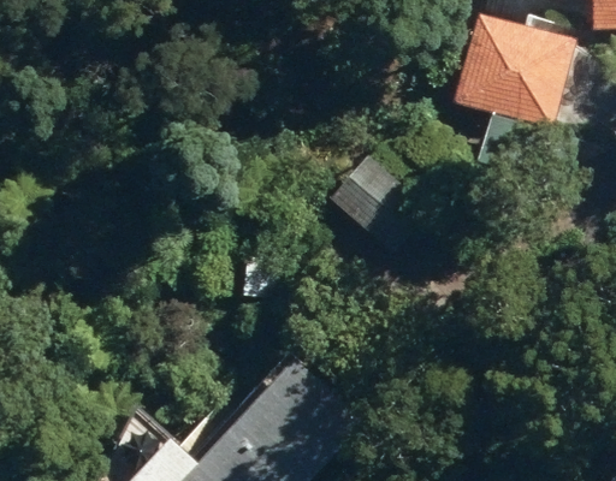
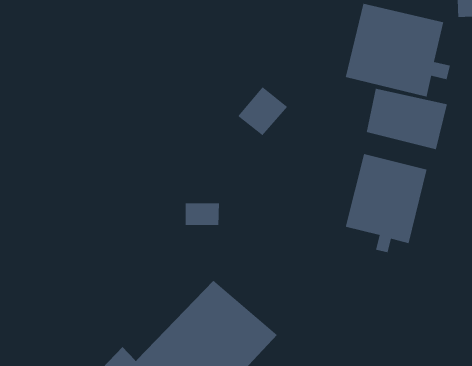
building: none -> [345,153,428,253]

